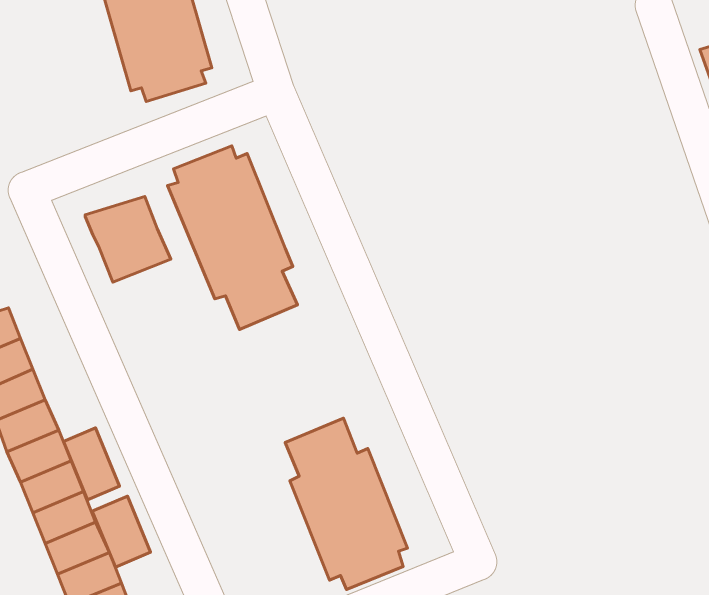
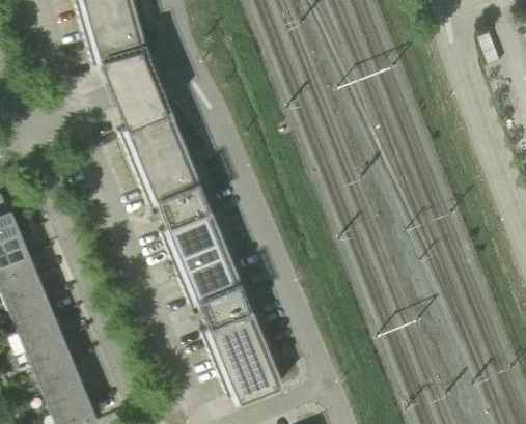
building: [85,197,171,282] -> [105,60,163,118]
building: none -> [161,208,246,307]
building: [63,428,120,500] -> none
building: [92,496,151,567] -> none

